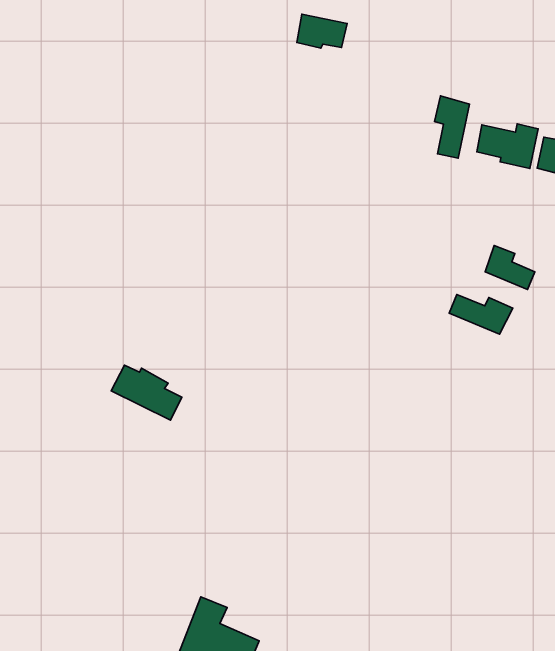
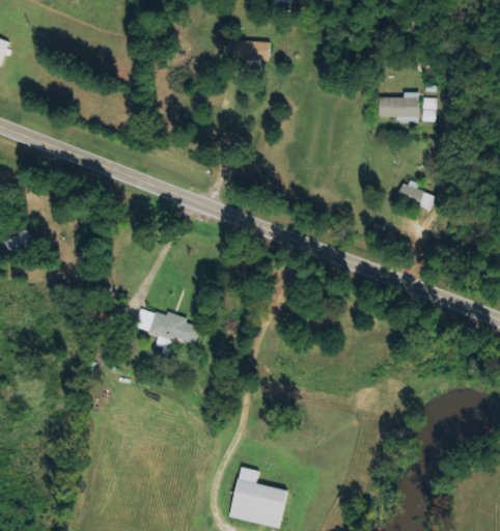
building: [434,96,470,158] -> none
building: [449,294,513,334] -> none

